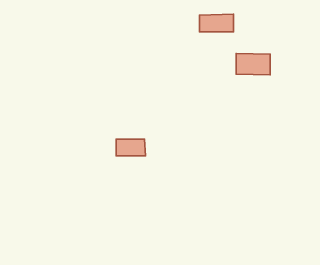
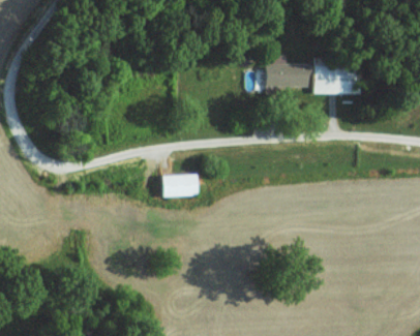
building: [199,14,234,32] -> [265,66,307,88]

